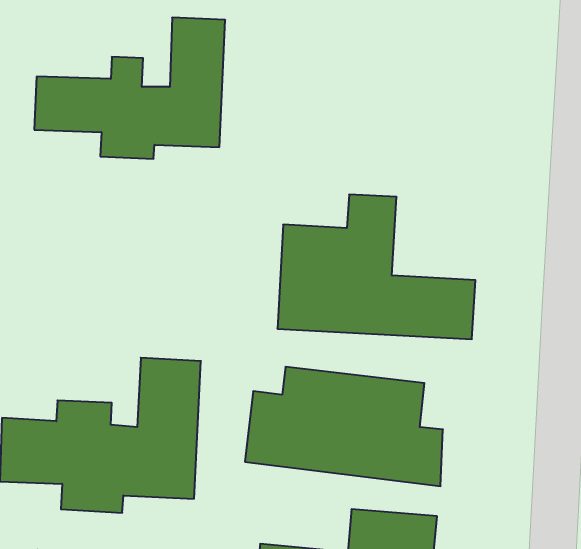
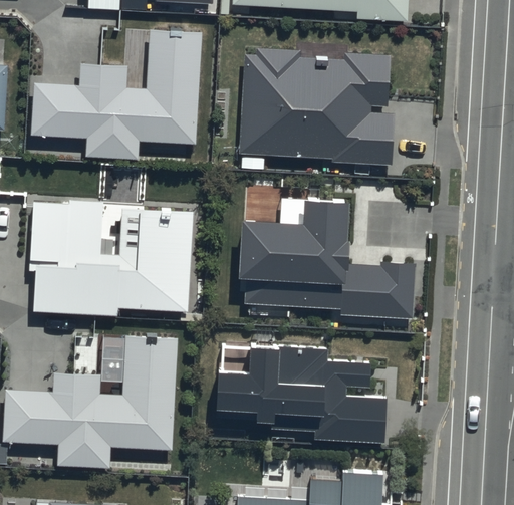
building: none -> [237,49,398,164]
building: none -> [30,199,191,320]

